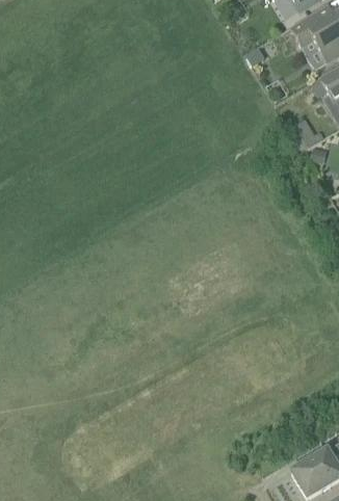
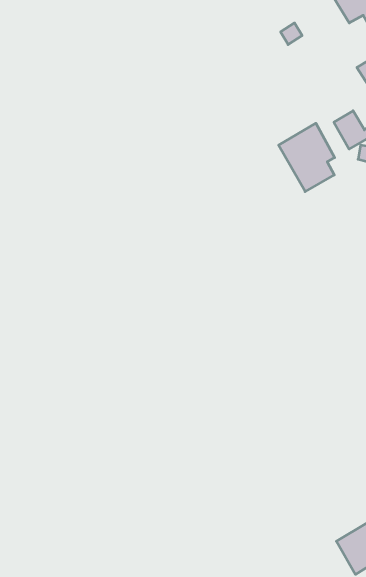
building: none -> [279,123,335,192]

